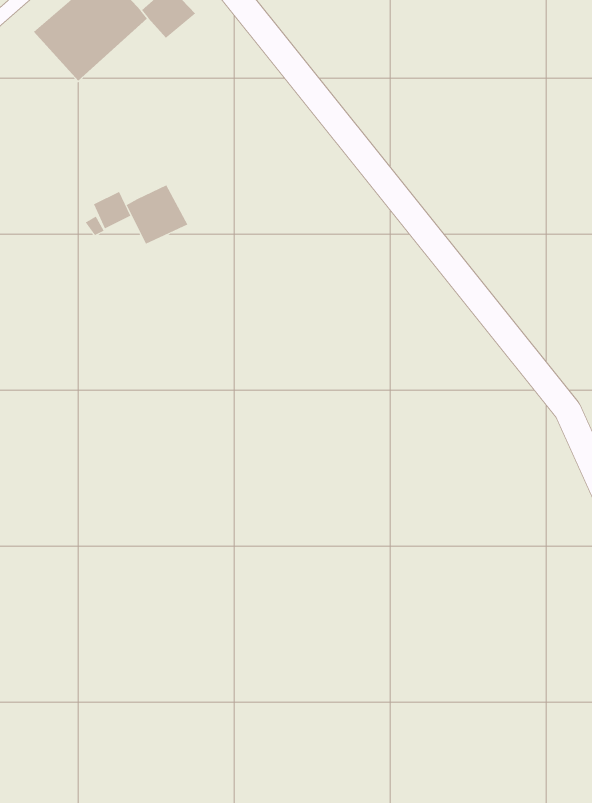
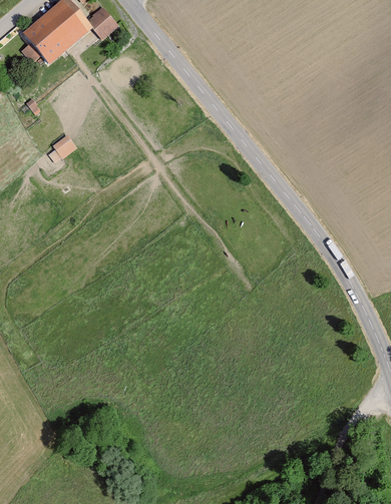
building: [126,184,188,245] -> none

